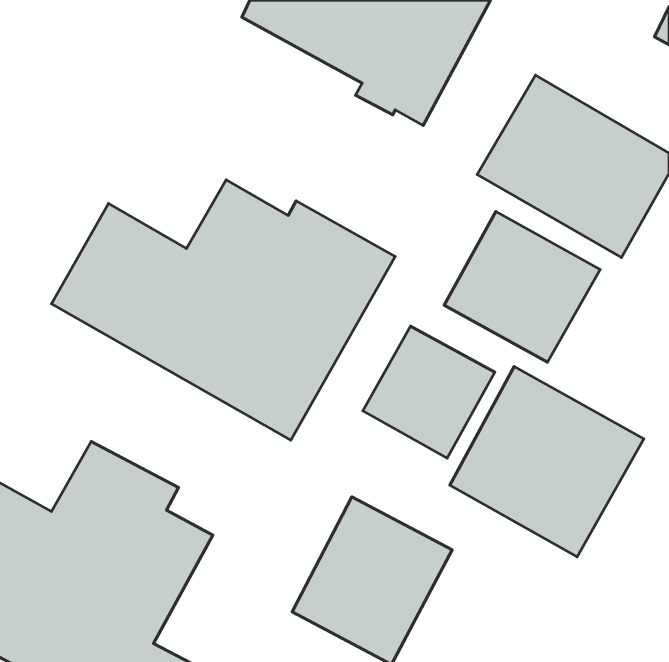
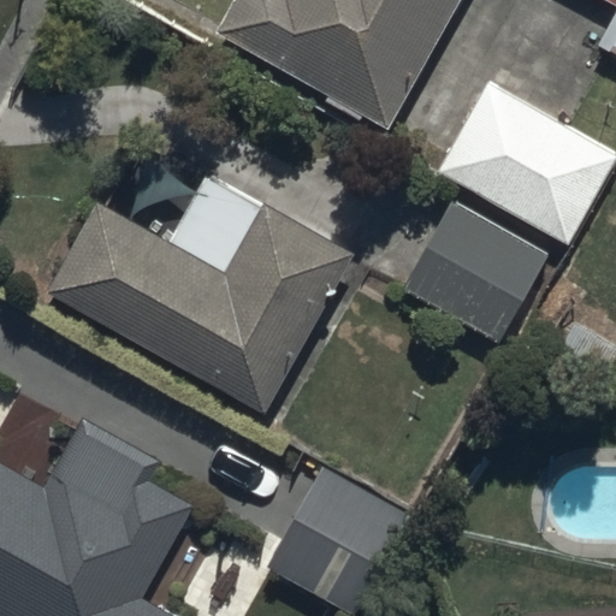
building: [363,326,495,458] -> none
building: [450,367,644,557] -> none

